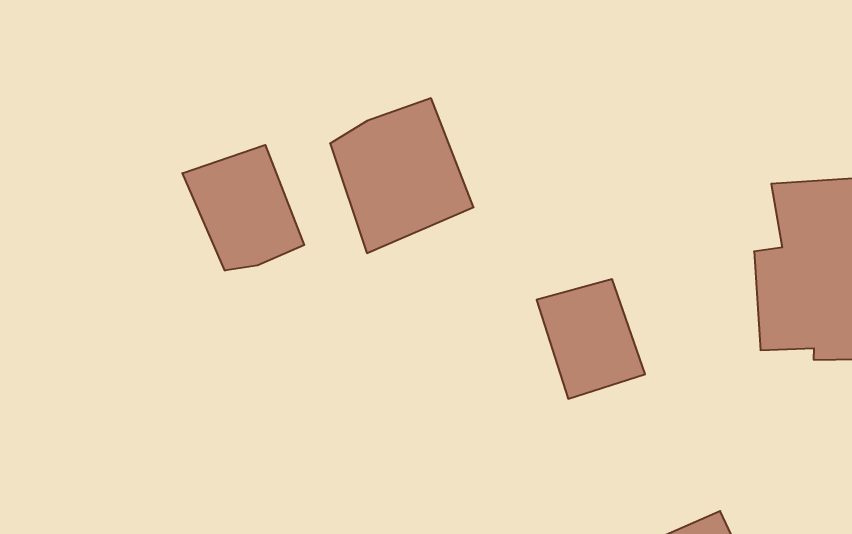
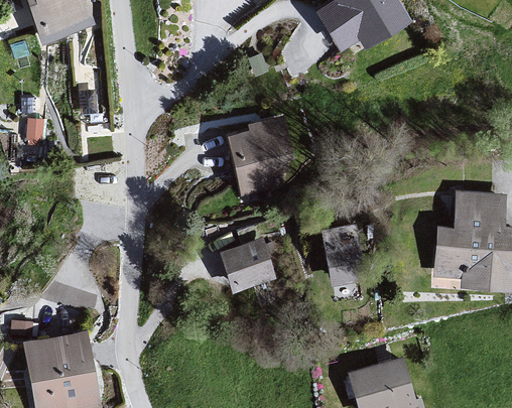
building: [182,145,304,271] -> none
building: none -> [219,237,271,294]

